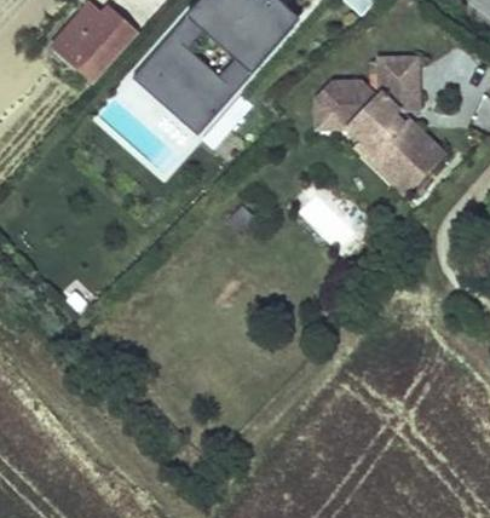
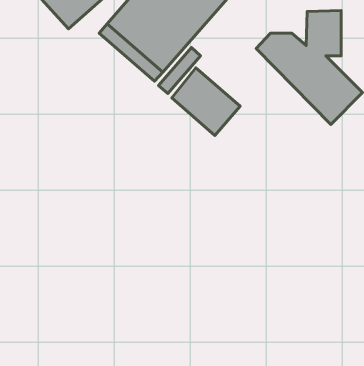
building: none -> [172,68,240,135]

